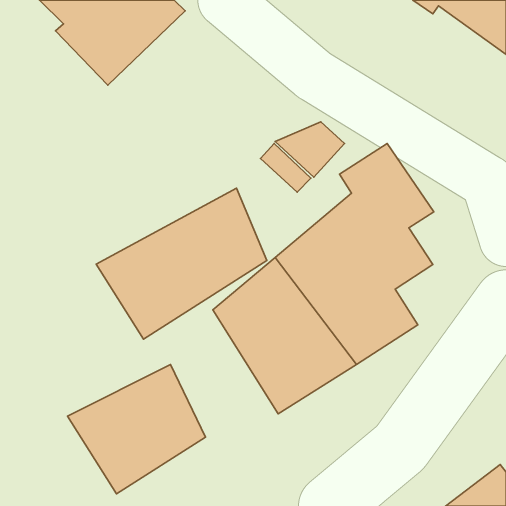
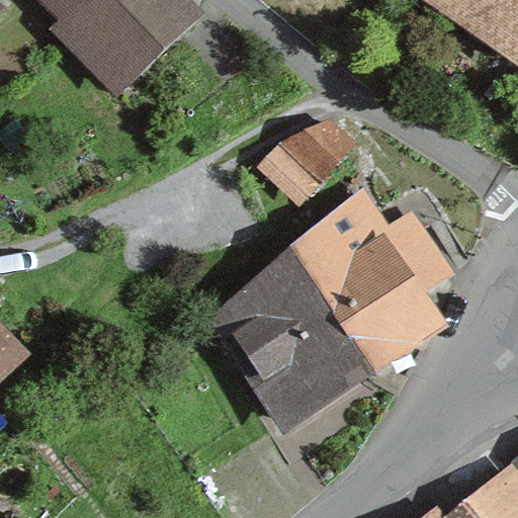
building: [96,188,267,339] -> none
building: [67,364,205,494] -> none

